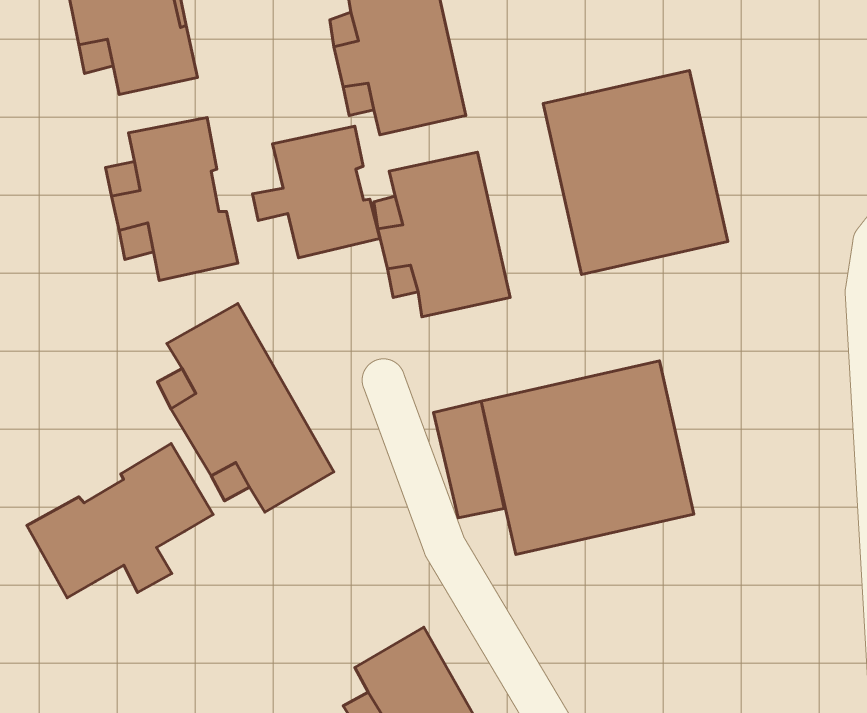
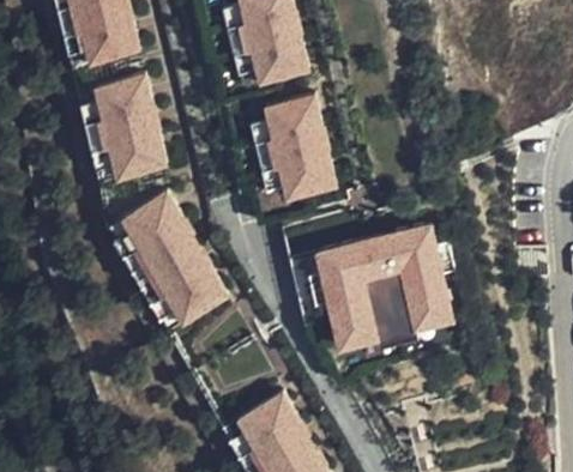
building: [543,71,728,274] -> none
building: [252,126,380,258] -> none
building: [27,444,213,598] -> none

